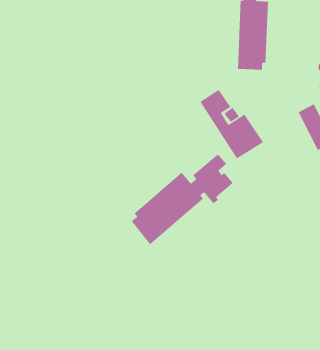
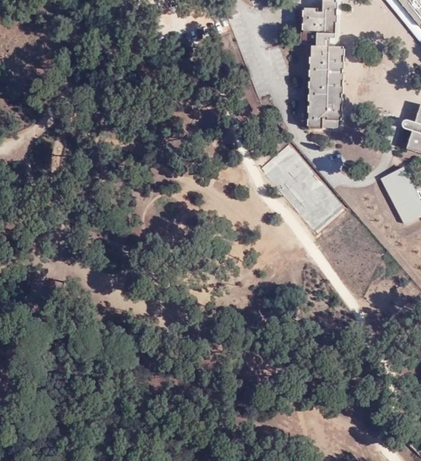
building: [131,153,234,245] -> none

